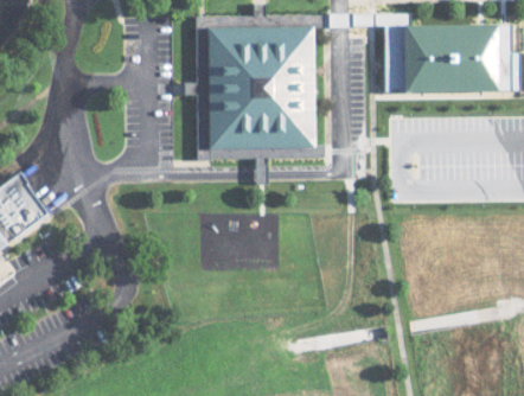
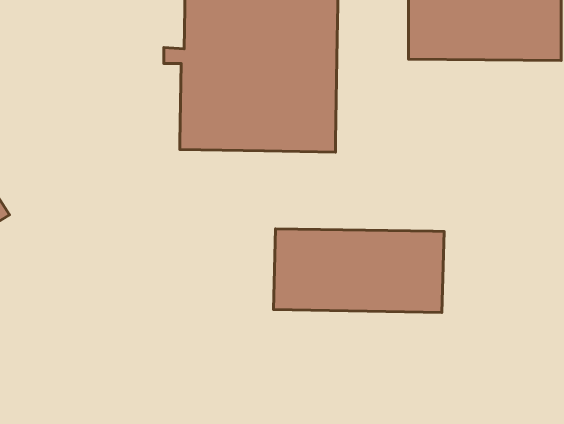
building: none -> [273,229,444,312]

